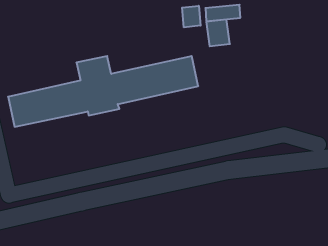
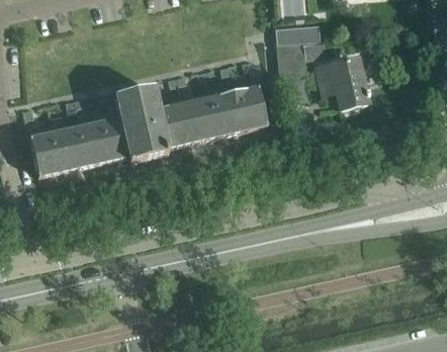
building: [182,6,201,27] -> none
building: none -> [317,58,369,108]

